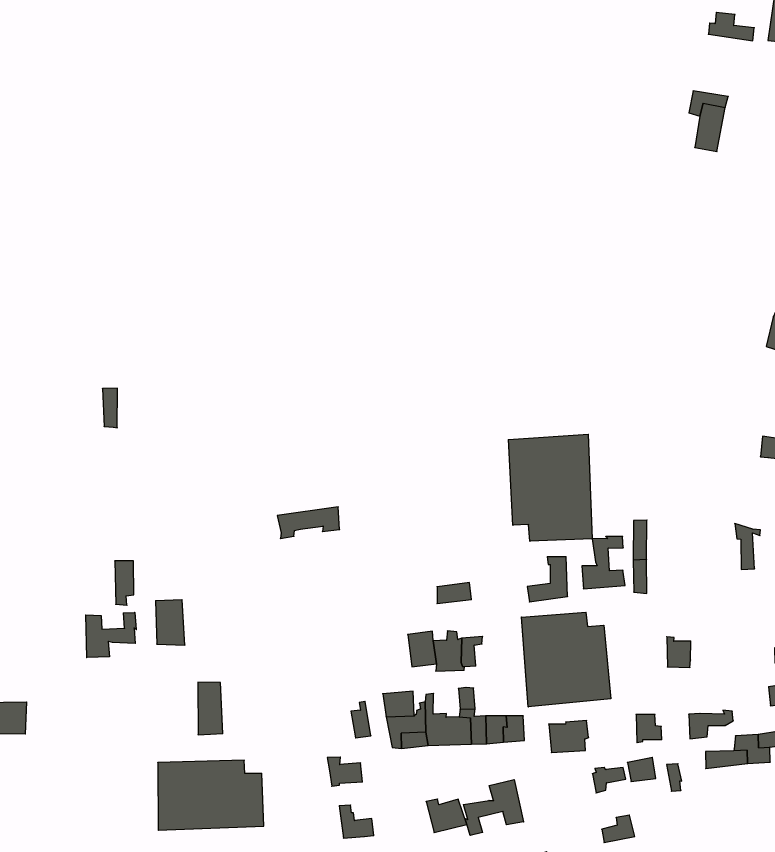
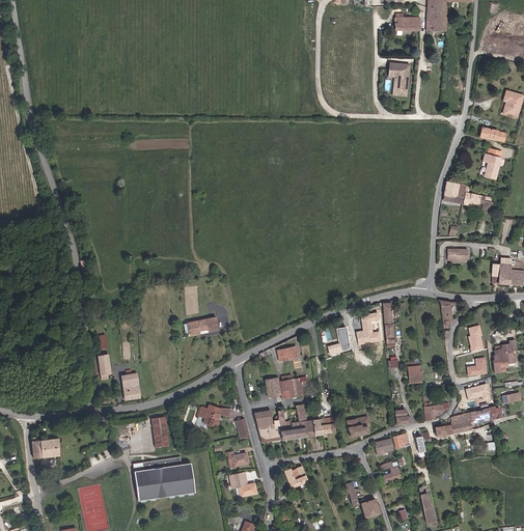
building: [508,434,592,541] -> none
building: [521,612,611,707] -> none
building: [86,612,136,658] -> none
building: none -> [197,401,229,426]
building: [463,780,524,835] -> none

